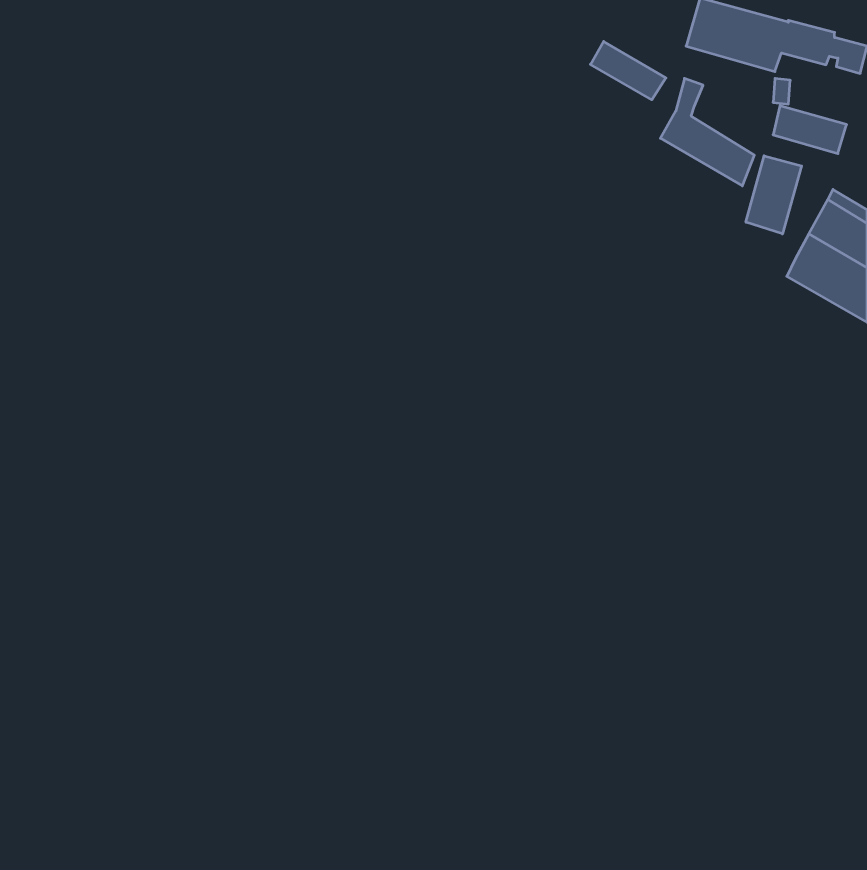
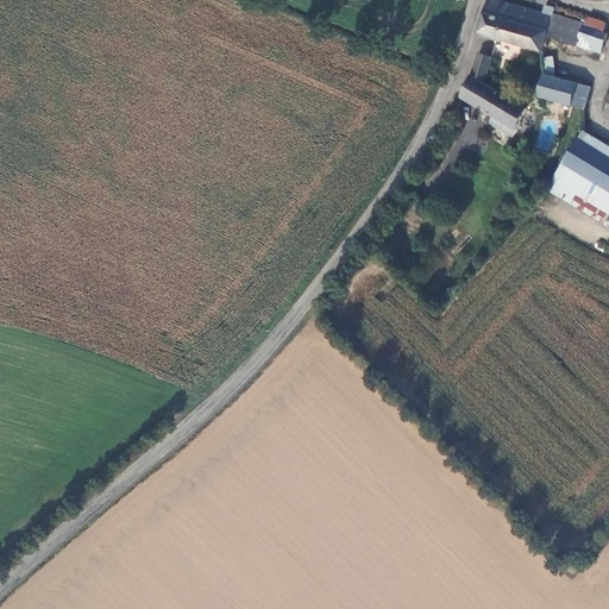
building: [590,41,666,100] -> none
building: [746,156,802,234] -> none

